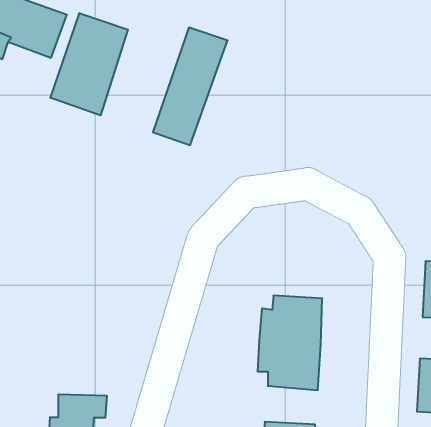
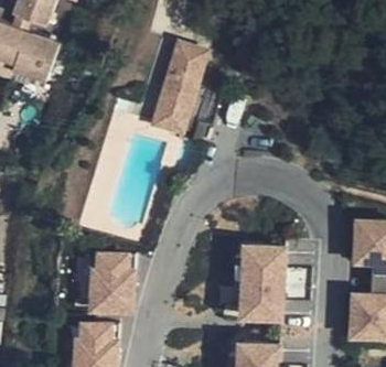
building: [50,13,128,115] -> none
building: none -> [84,255,129,313]

